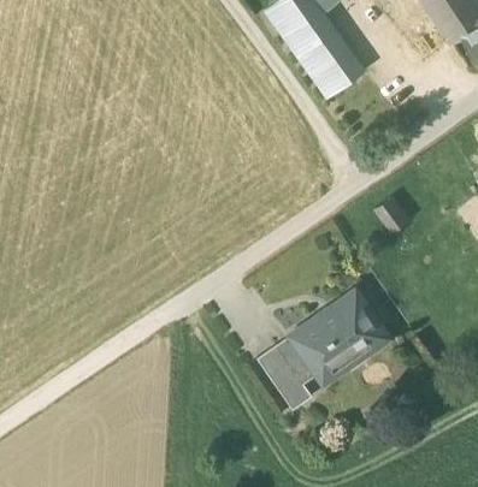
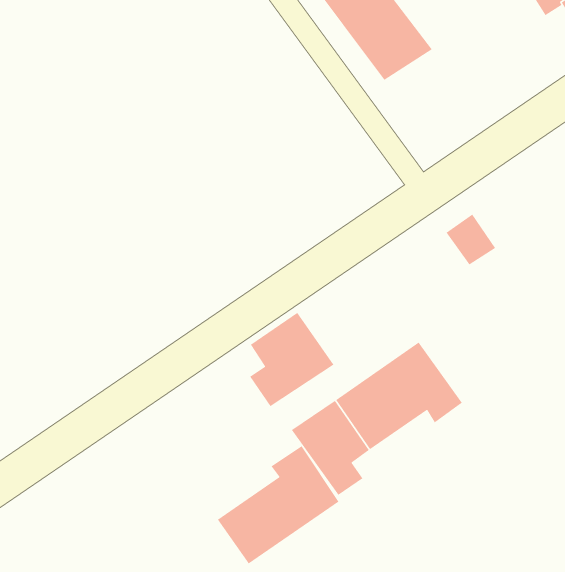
building: none -> [249,312,335,407]
building: none -> [217,445,340,564]

